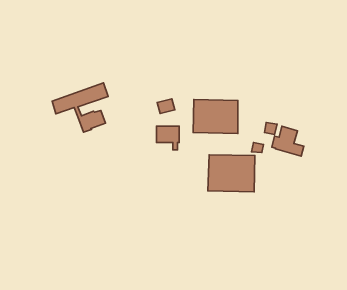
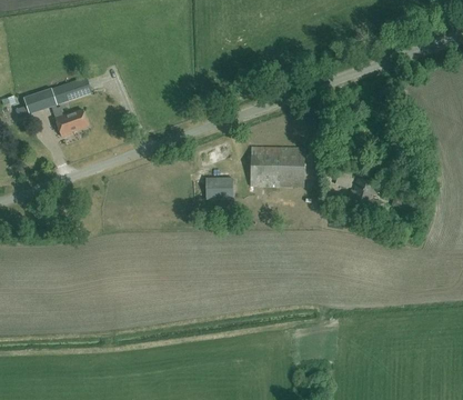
building: [52,83,108,132] -> [22,77,90,137]
building: [208,155,255,192] -> none

